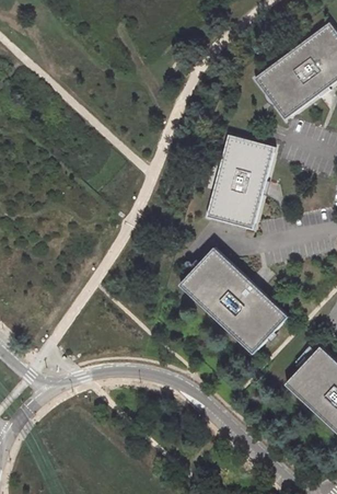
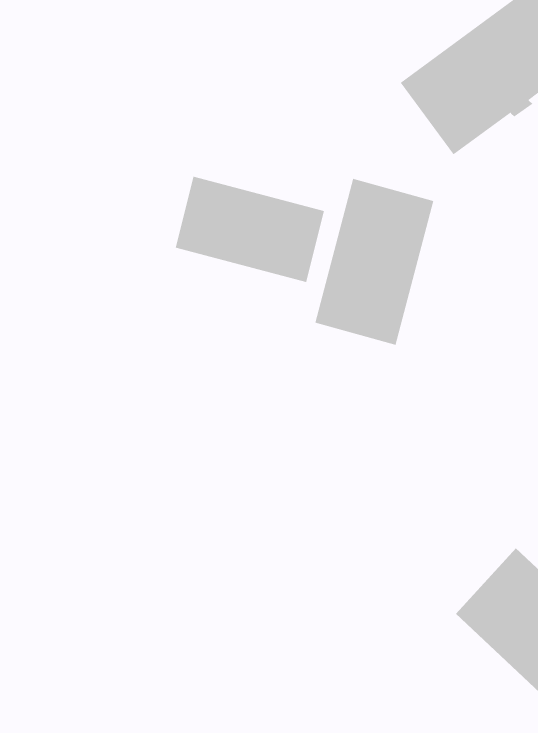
building: none -> [175,176,324,283]
building: [179,244,289,353] -> none

